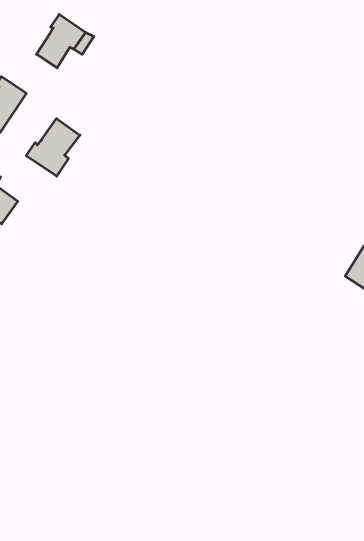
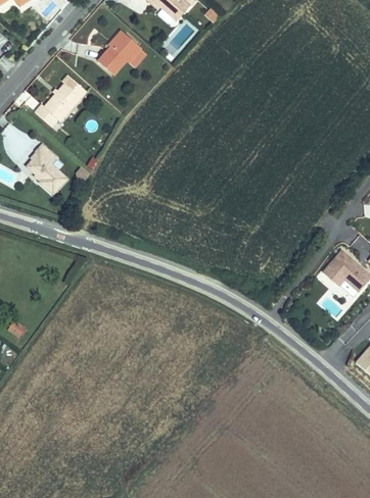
building: [26,119,80,176] -> none

